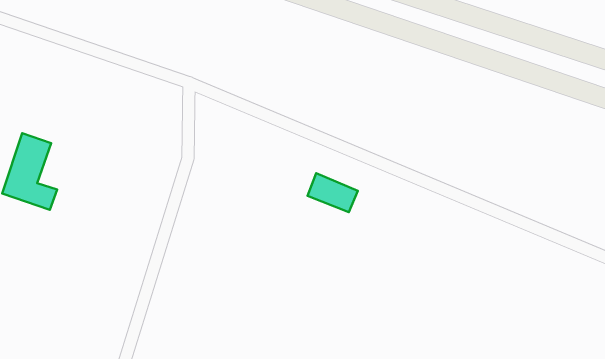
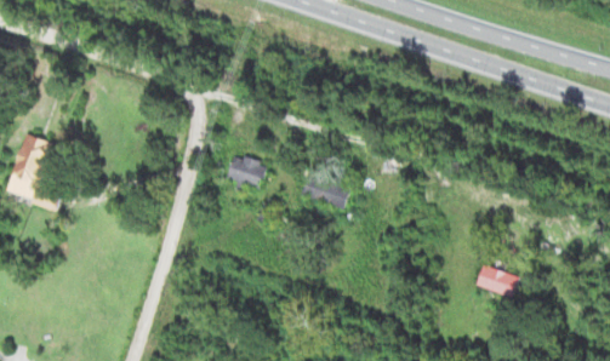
building: none -> [228,153,264,189]
building: none -> [475,263,519,298]

